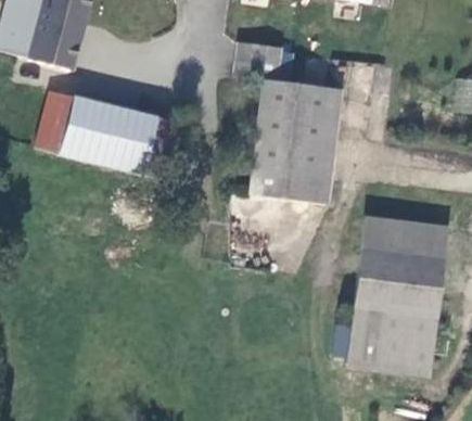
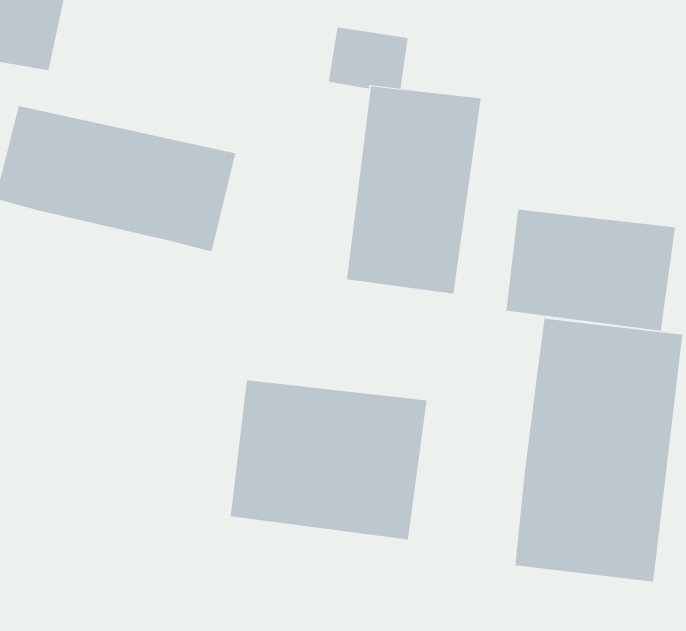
building: none -> [506,209,676,332]
building: none -> [230,379,427,541]

